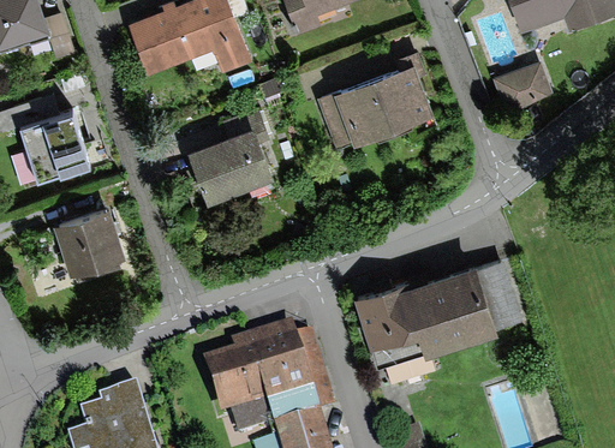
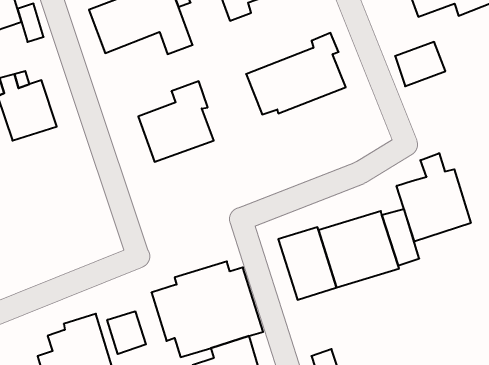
building: none -> [397,153,471,242]
building: [49,195,126,275] -> none
building: none -> [107,311,146,354]

